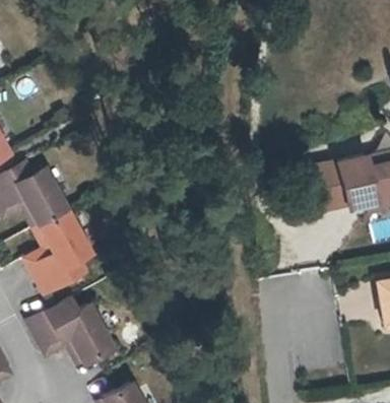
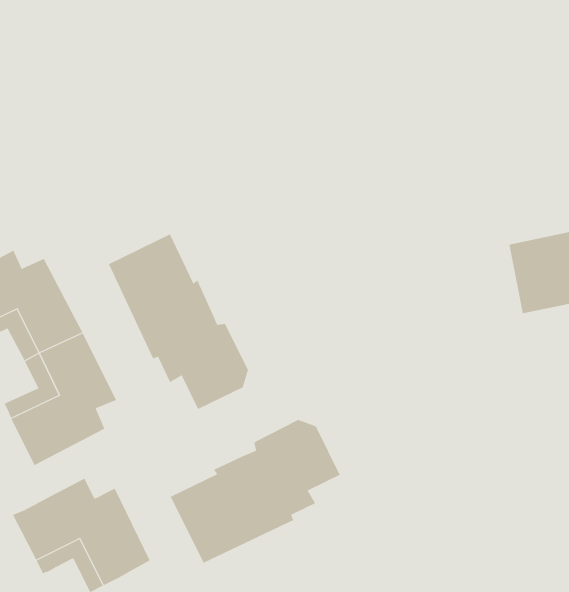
building: none -> [108,234,249,410]
building: none -> [170,419,340,564]

